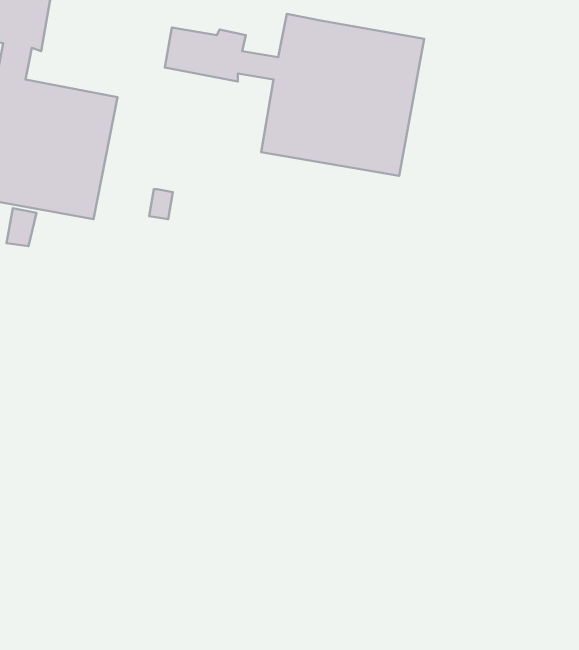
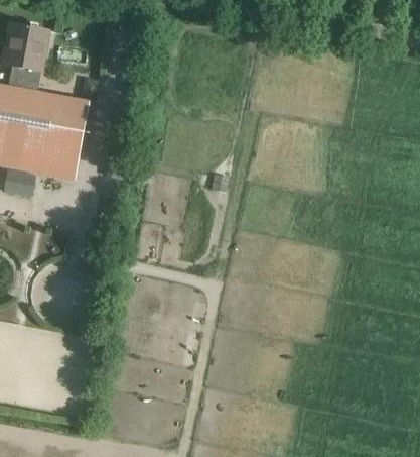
building: [165,14,424,176] -> none

